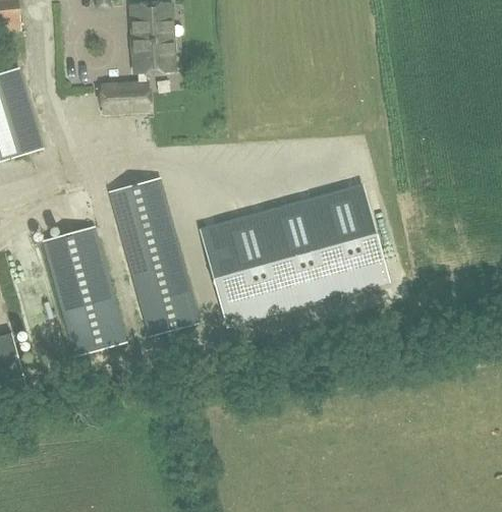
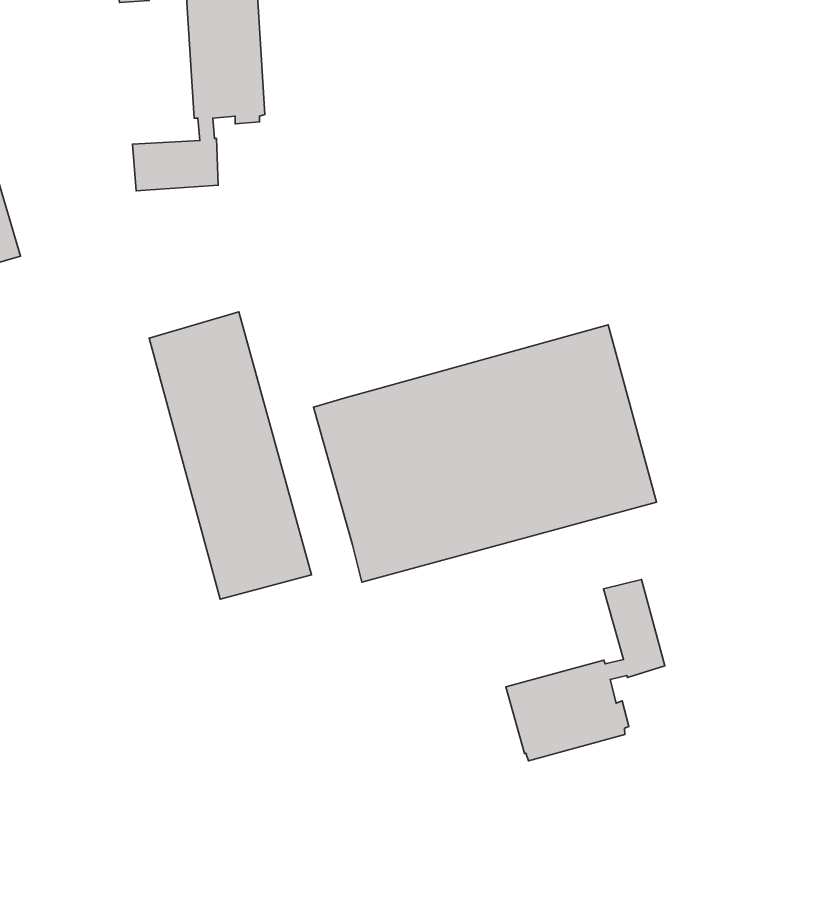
building: [43,225,125,354] -> none
building: none -> [506,579,665,761]

